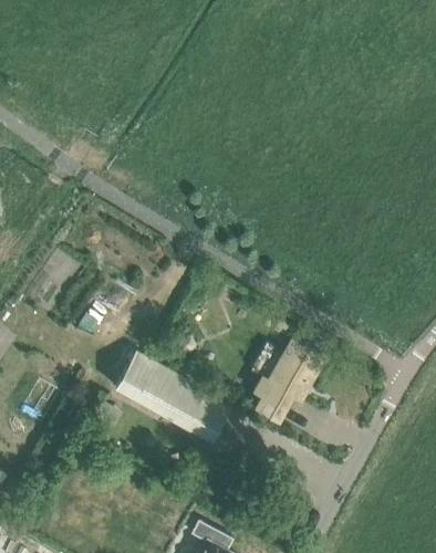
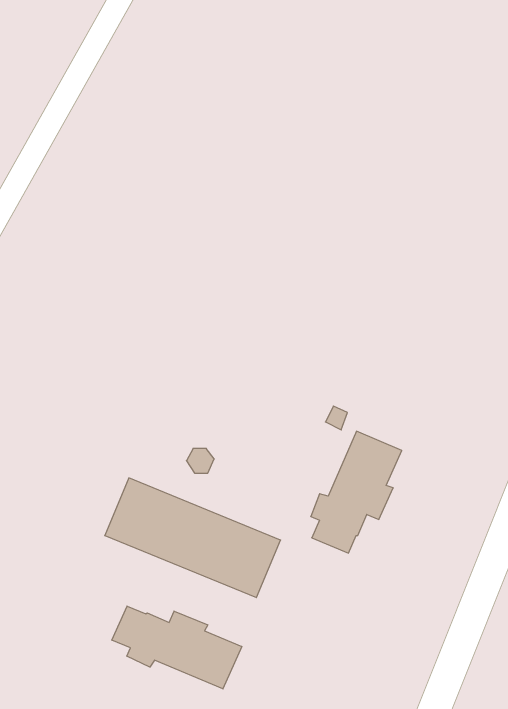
building: none -> [112,606,242,689]

